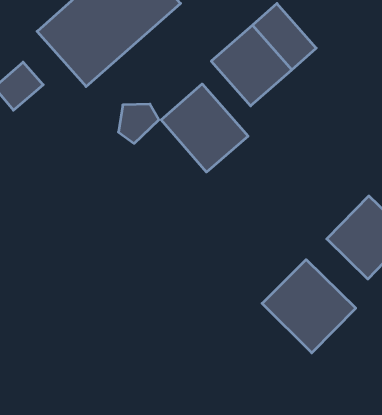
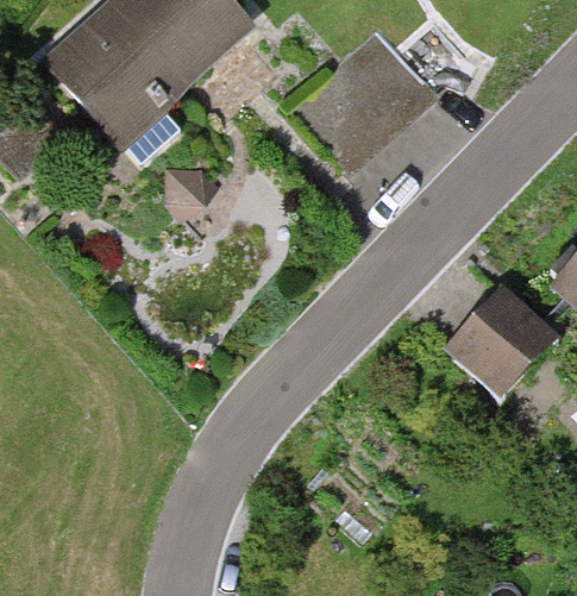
building: [161,84,248,172] -> none
building: [262,260,356,353] -> none

